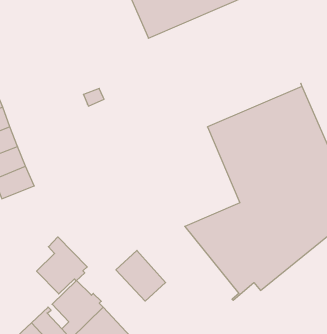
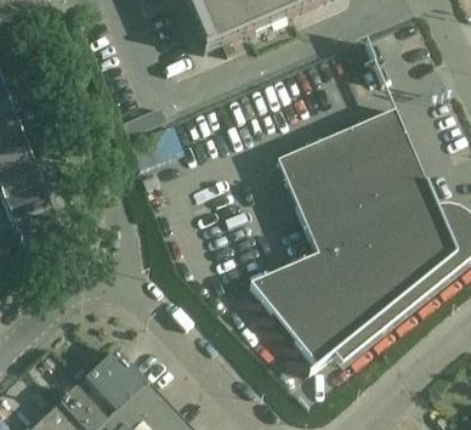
building: [37,237,87,294] -> none
building: [116,250,166,301] -> none

